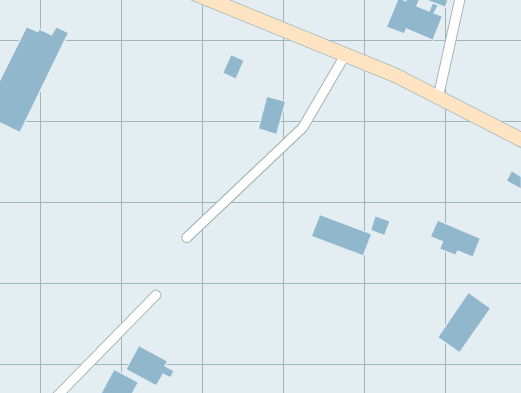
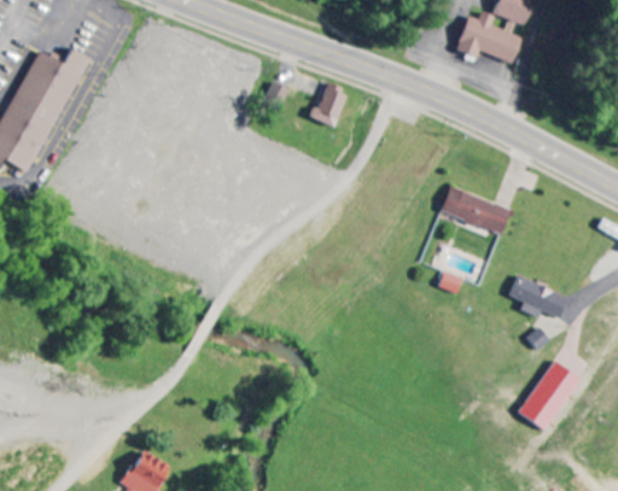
building: [258,97,286,135] -> [315,82,348,127]
building: [311,215,372,256] -> [441,187,512,235]
building: [126,345,174,386] -> none

